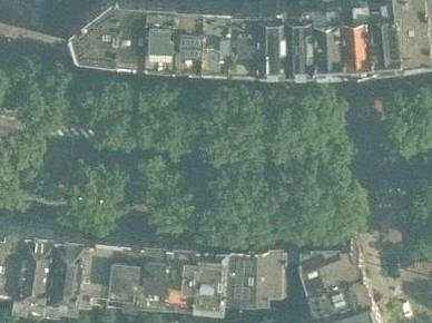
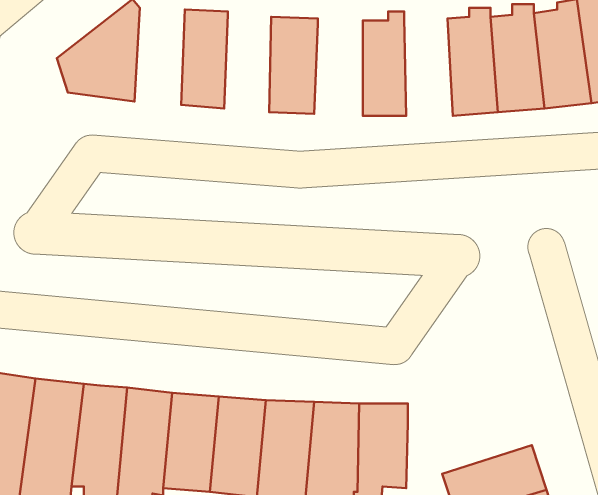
building: [115,8,146,68] -> none
building: [282,9,312,75] -> none
building: [170,12,199,72] -> none
building: [226,18,256,75] -> none
building: [284,251,361,296] -> none

